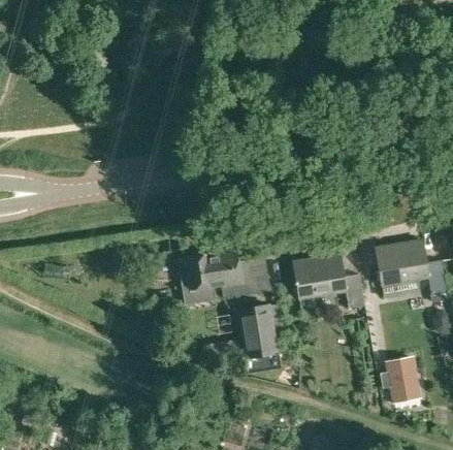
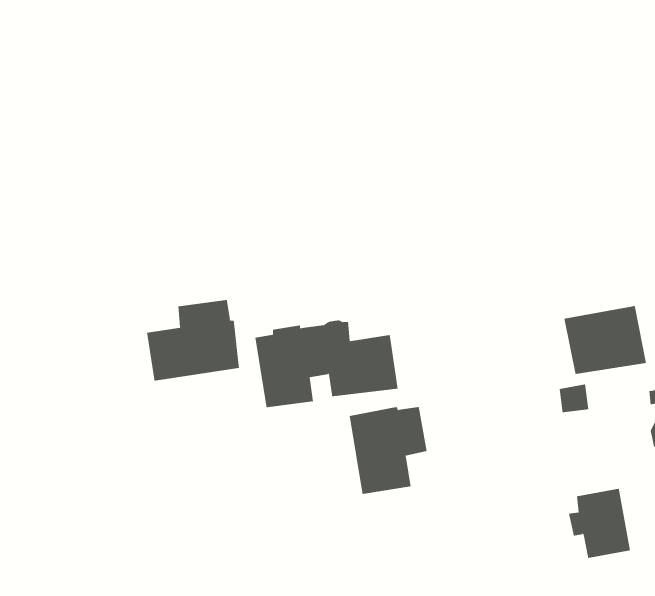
building: none -> [147,299,240,381]
building: [287,254,365,319] -> none

